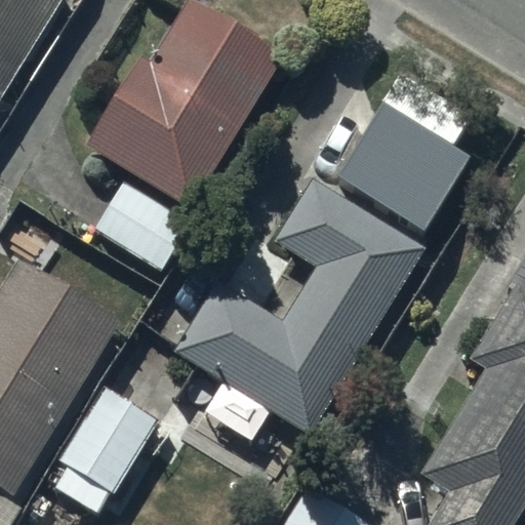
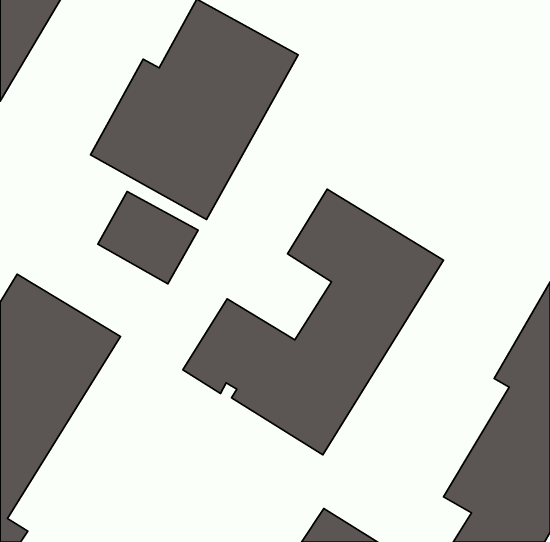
building: [336,104,469,231] -> none
building: [54,388,158,512] -> none

